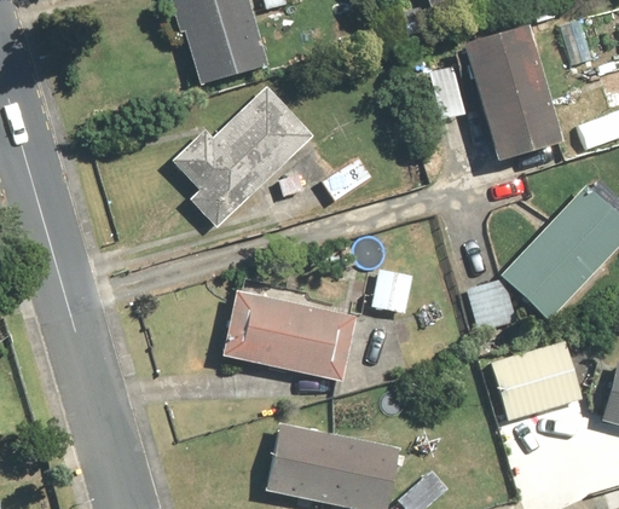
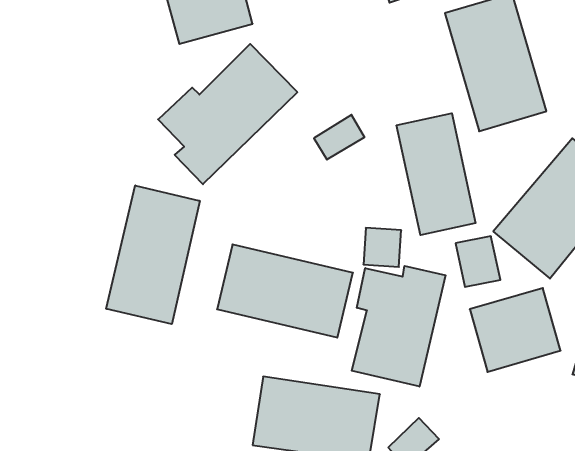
building: none -> [397,113,476,235]
building: none -> [106,185,200,324]
building: none -> [352,266,446,387]

